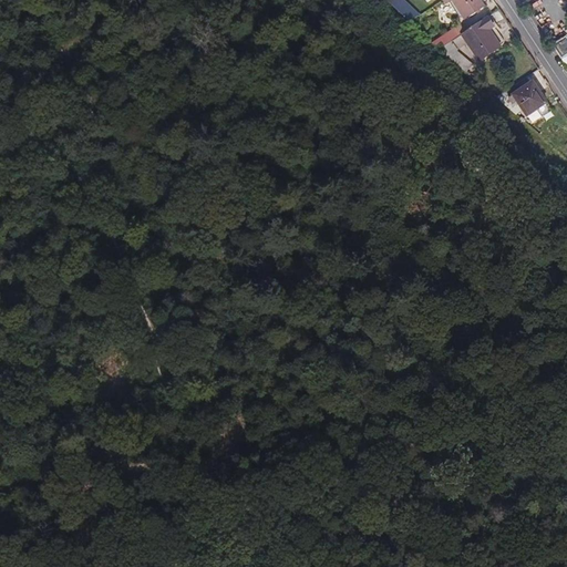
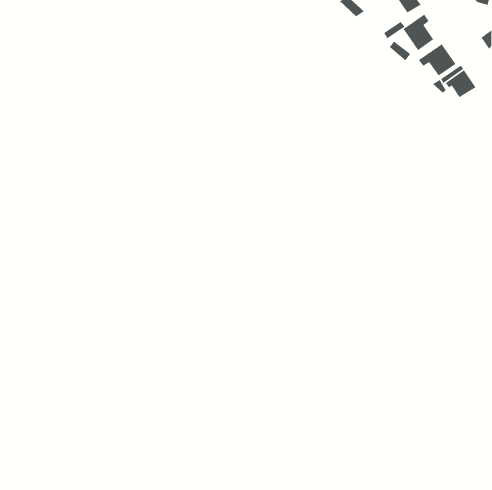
building: none -> [418,43,456,77]

